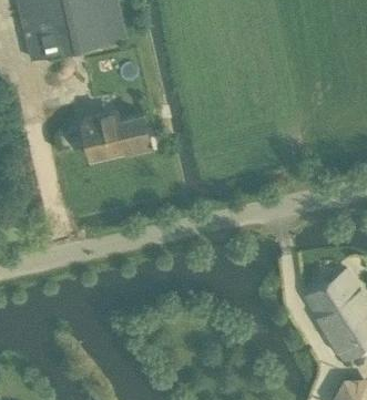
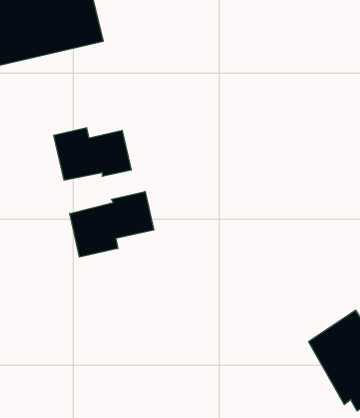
building: none -> [70,191,154,257]

